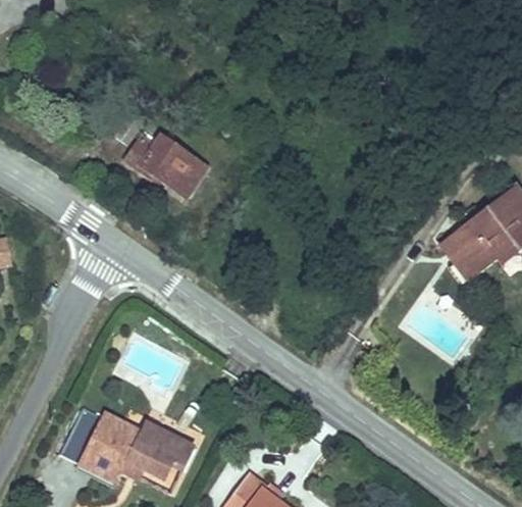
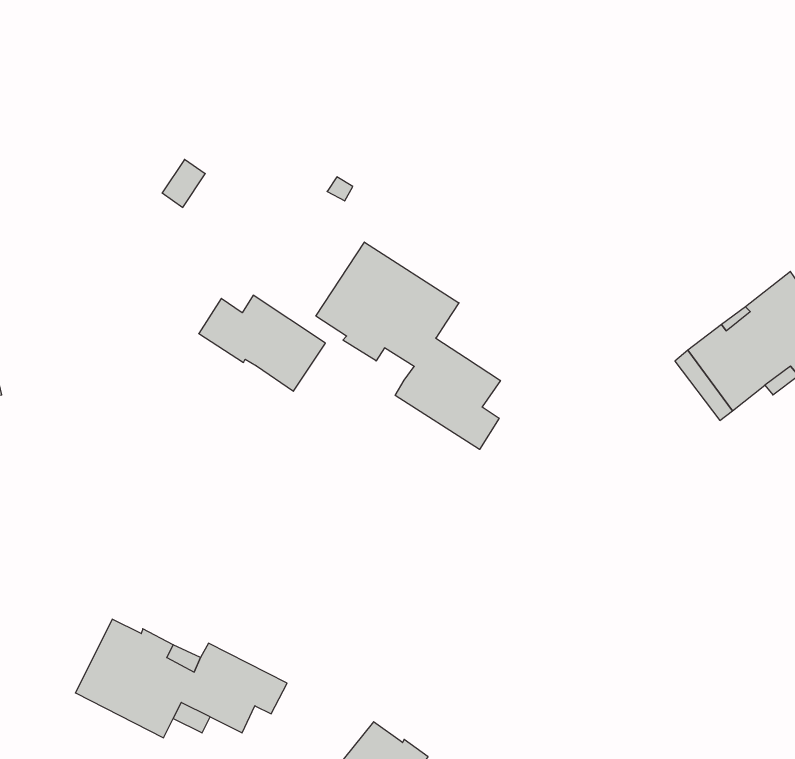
building: [126,136,207,197] -> [199,295,325,391]
building: none -> [316,242,500,449]

